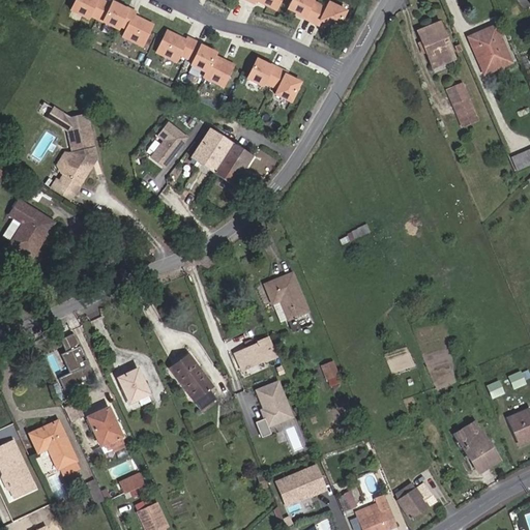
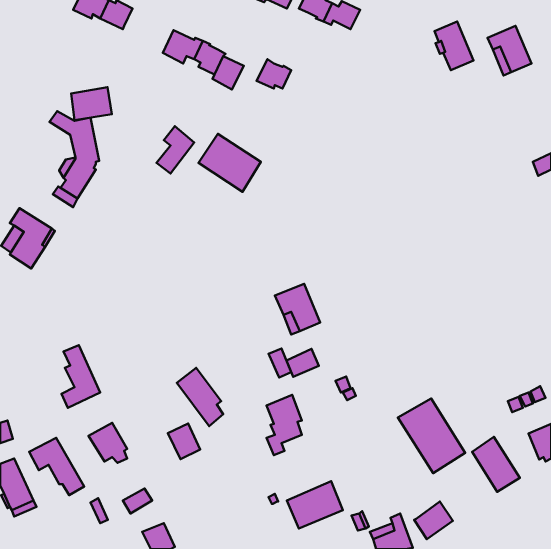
building: [119,6,152,46] -> none
building: [271,67,300,100] -> none
building: [446,83,477,124] -> none
building: none -> [71,87,112,120]
building: [235,342,266,369] -> [287,349,319,377]
building: [117,367,148,402] -> [168,424,200,459]
building: none -> [398,398,465,473]

